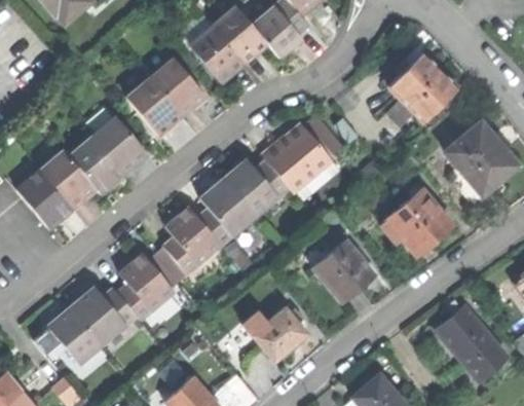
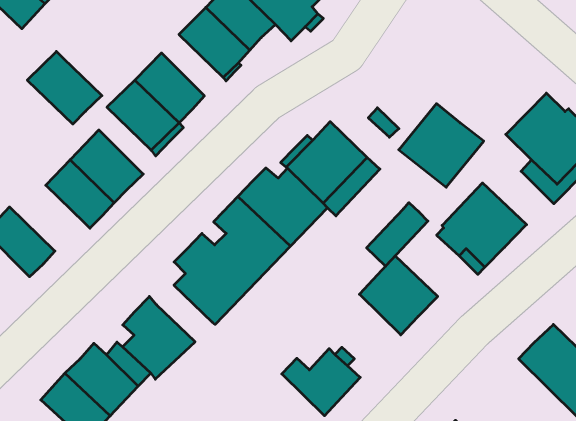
building: [387,53,456,121] -> [399,104,484,187]
building: [39,147,98,207] -> [27,51,102,124]
building: none -> [367,203,428,266]
building: [149,244,192,291] -> none

